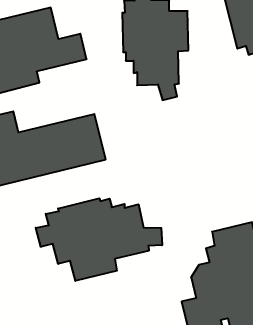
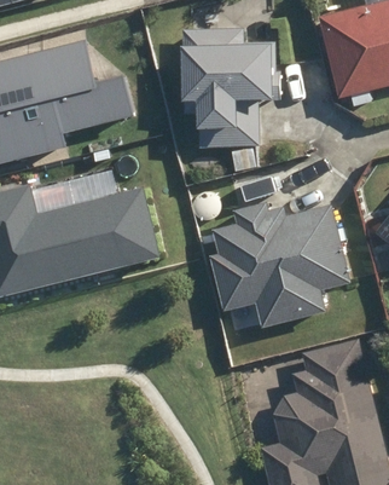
building: none -> [211,203,348,323]
building: [36,198,162,281] -> none

